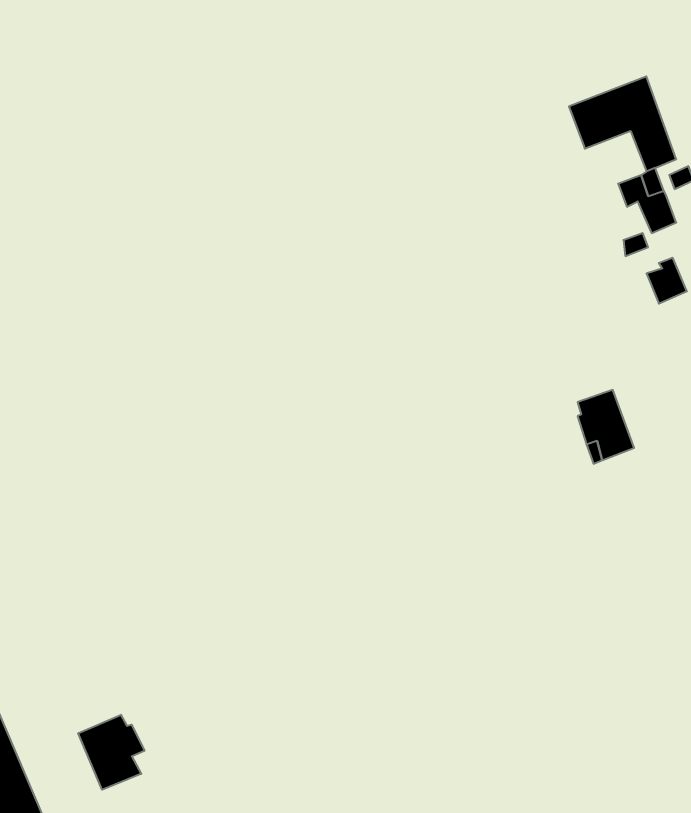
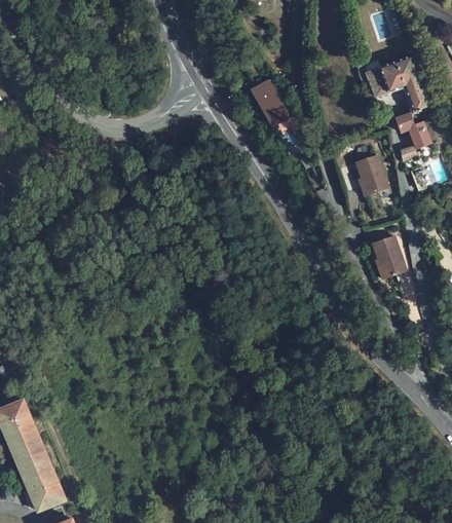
building: none -> [247,76,289,130]
building: none -> [355,158,388,197]
building: [78,715,144,790] -> none

